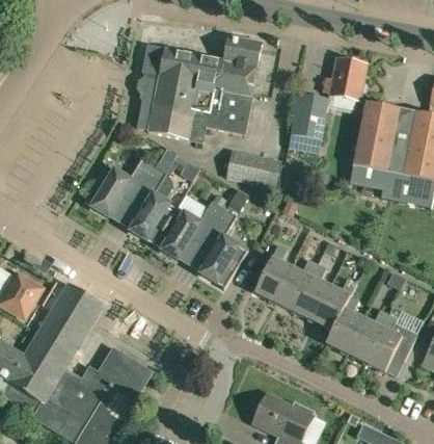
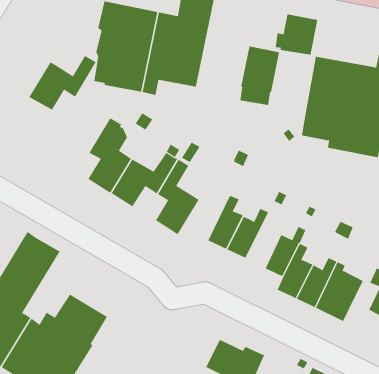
building: [225,150,280,189] -> none
building: [83,158,154,215] -> [28,55,97,111]
building: [294,263,330,321] -> none

